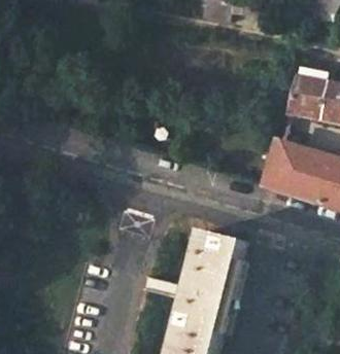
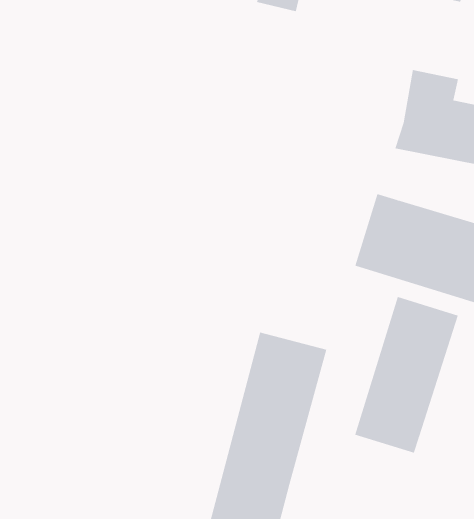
building: none -> [354,296,458,454]

